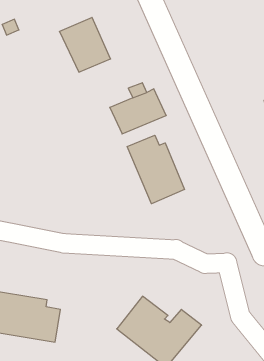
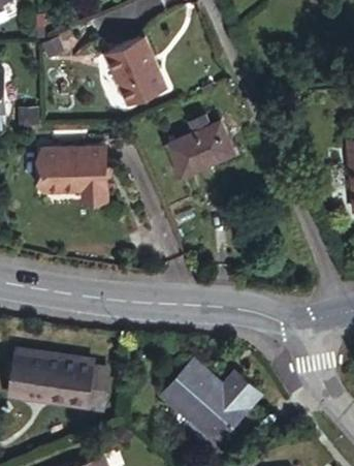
building: none -> [45,146,106,192]
building: [127,135,185,204] -> none

